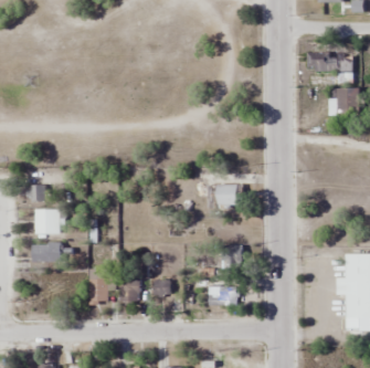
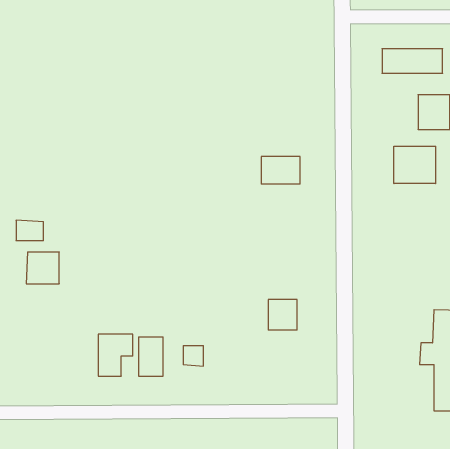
building: none -> [394,146,436,184]
building: [214,185,244,206] -> [261,157,300,184]
building: [32,243,61,262] -> none
building: [210,284,237,304] -> none

